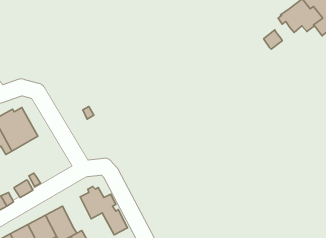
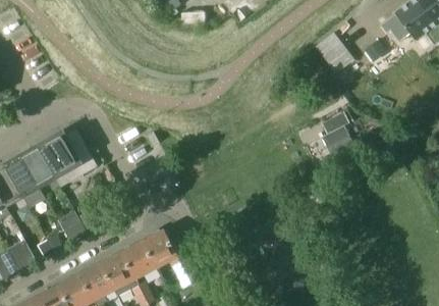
building: none -> [316,32,354,72]
building: none -> [321,111,360,167]
building: none -> [121,240,156,277]

